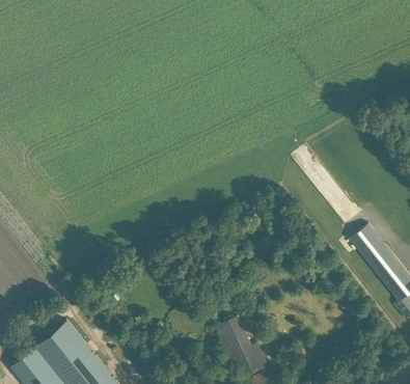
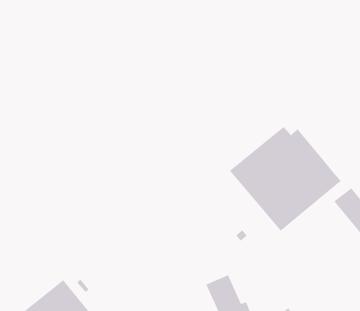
building: none -> [229,126,342,232]

